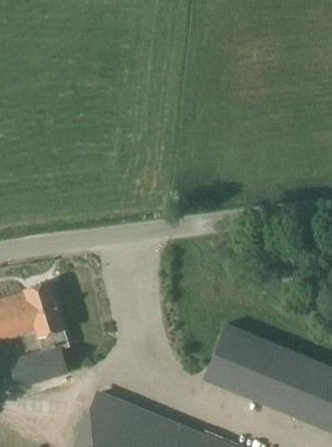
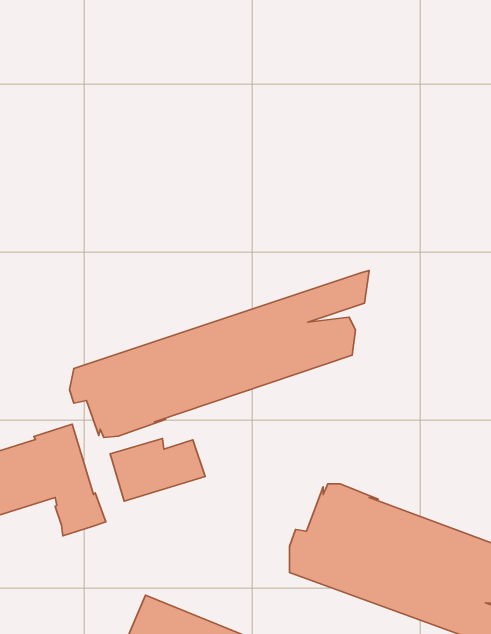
building: none -> [69,271,369,438]
building: [13,349,75,390] -> [110,438,205,501]

